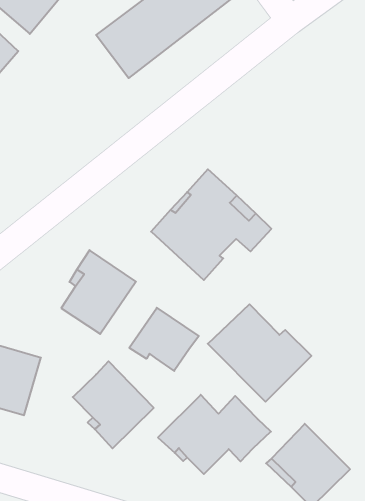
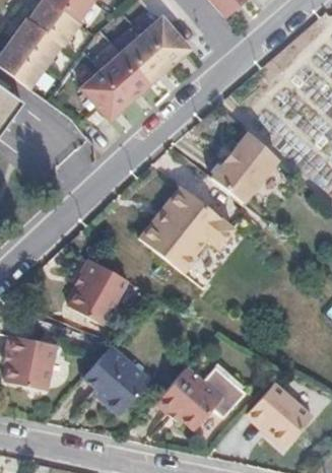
building: none -> [210,131,279,204]
building: [208,304,311,402] -> none
building: [129,308,199,371] -> none

